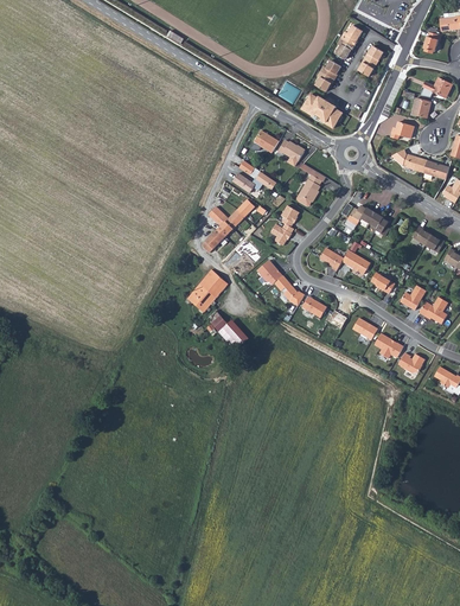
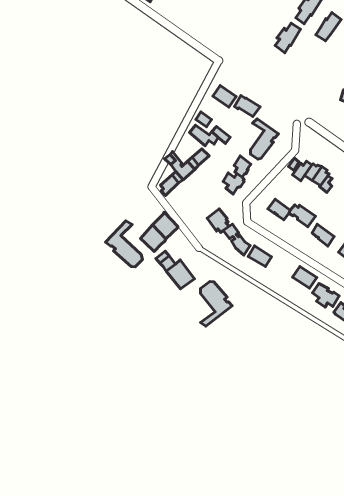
building: [302,94,343,128] -> none
building: none -> [106,221,142,267]
building: none -> [200,282,232,326]

